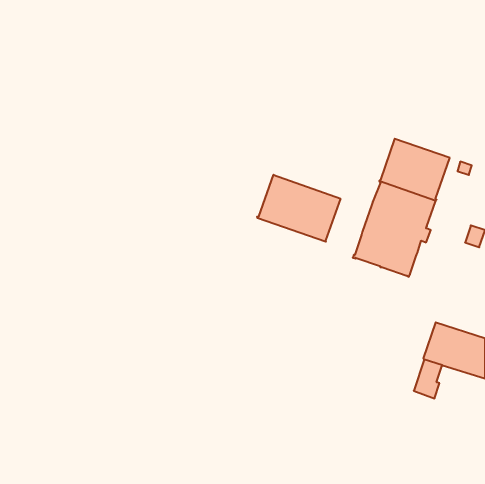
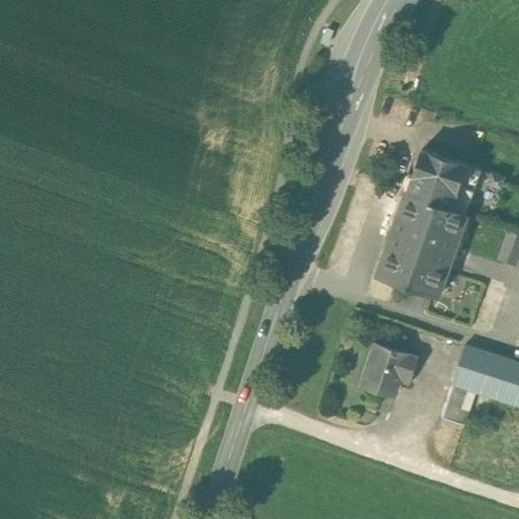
building: [257,175,340,242] -> none
building: none -> [361,344,418,397]

